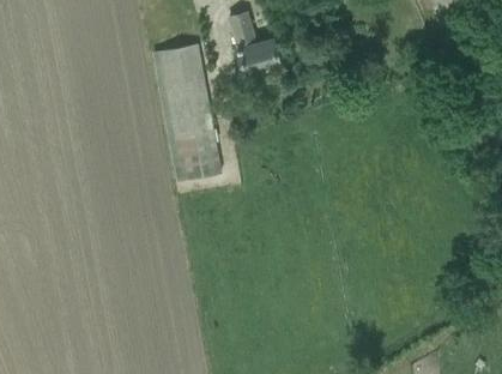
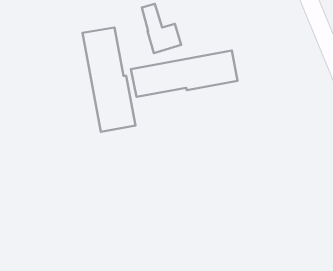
building: none -> [131,51,238,97]

